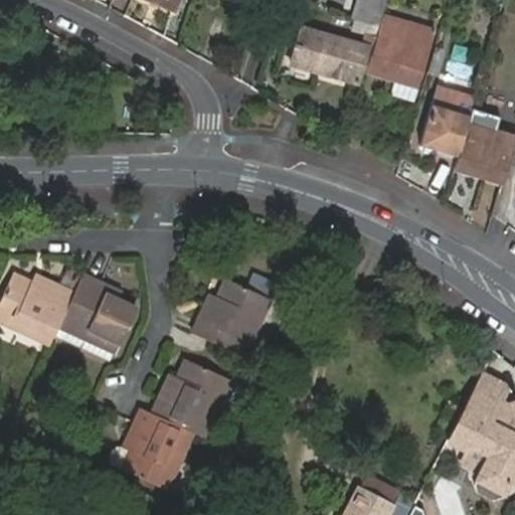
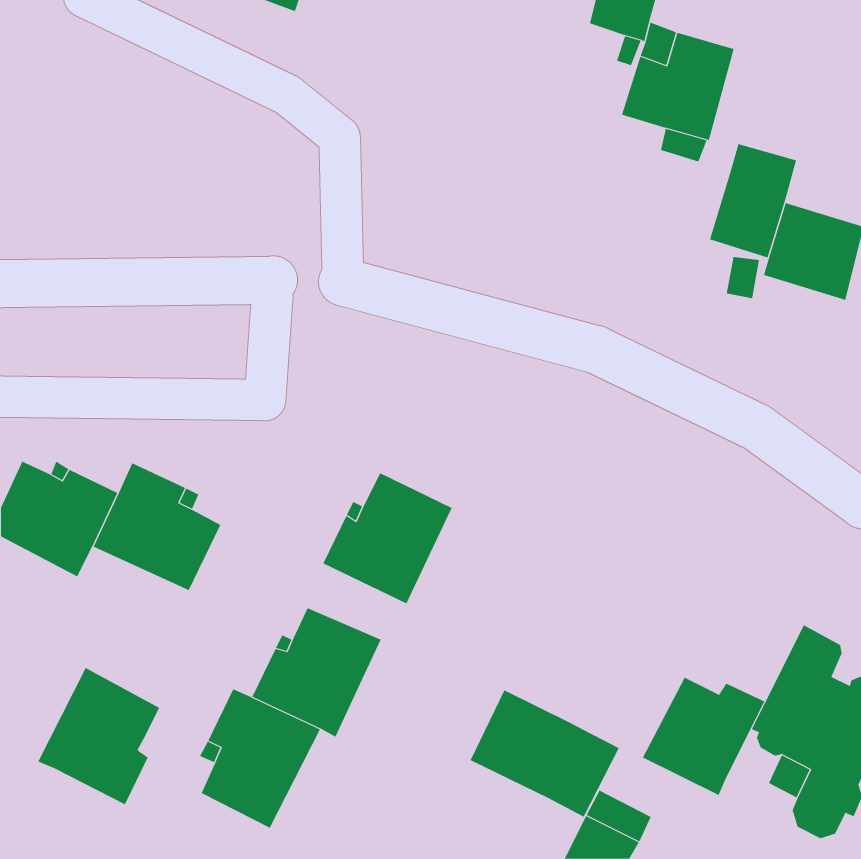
building: [290,23,373,81] -> none
building: none -> [37,667,160,805]
building: none -> [642,677,765,796]
building: none -> [470,690,620,818]

